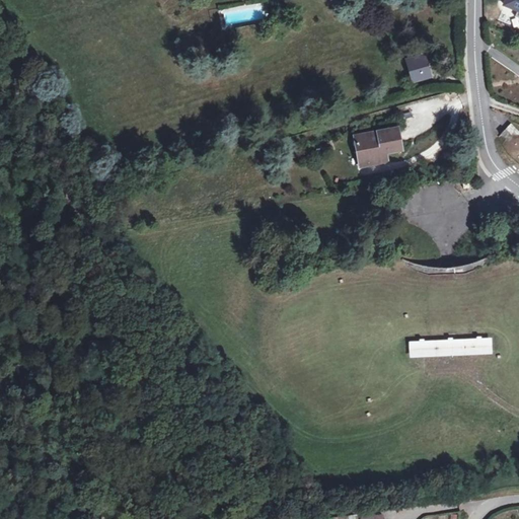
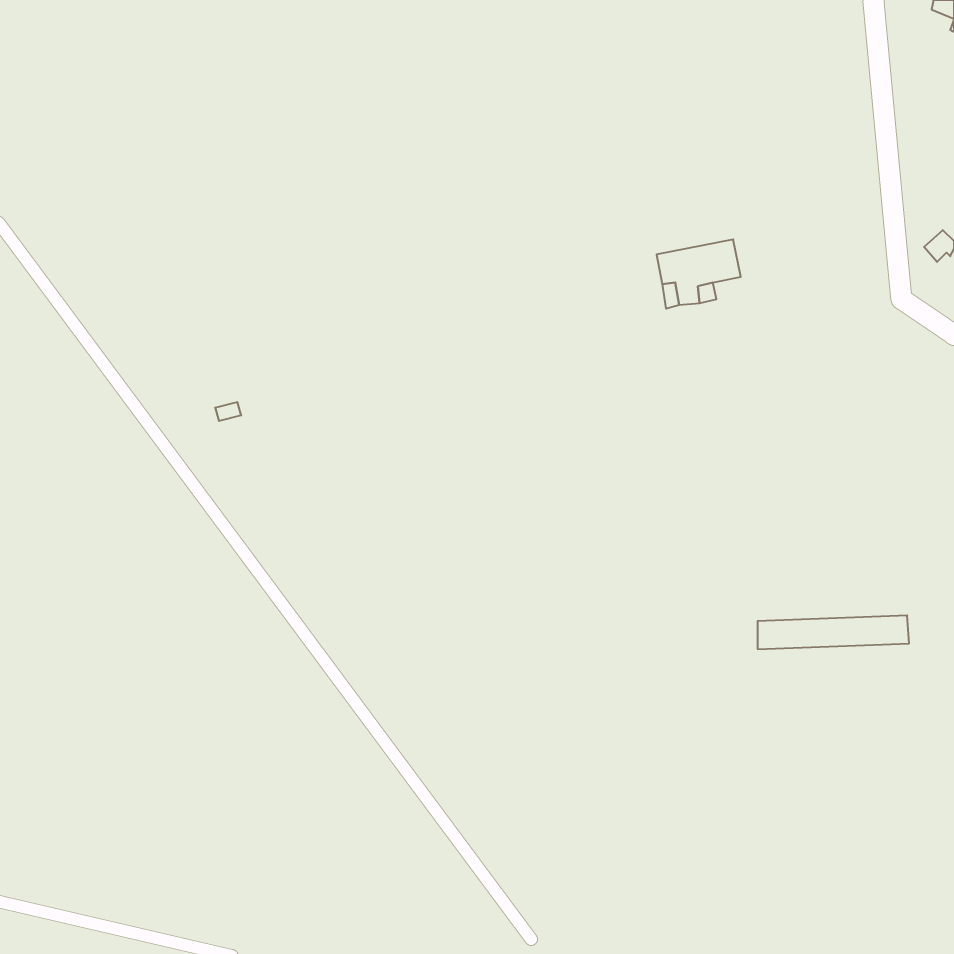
building: [403,53,430,83] -> none

